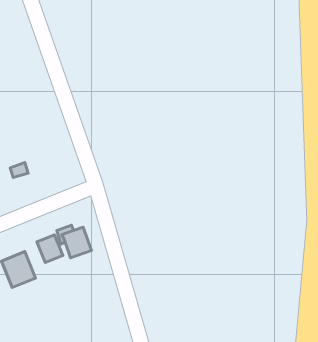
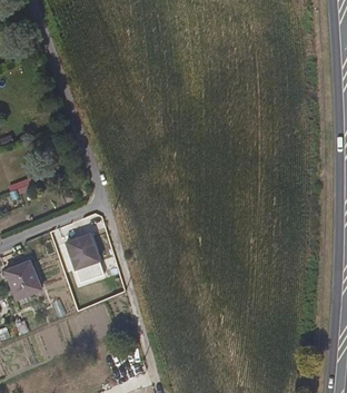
building: [37,235,63,262] -> none

